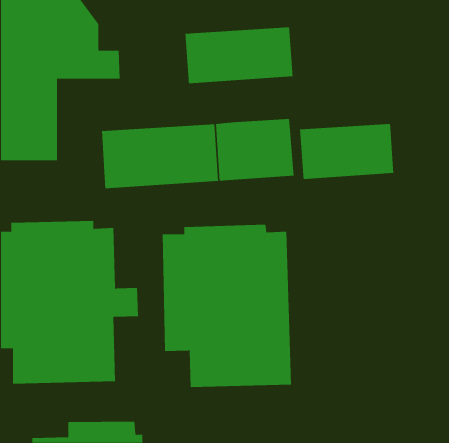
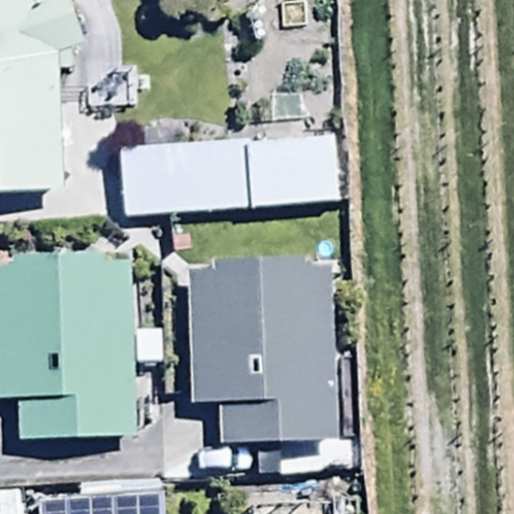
building: [185,27,293,84] -> none
building: [300,123,394,180] -> none

